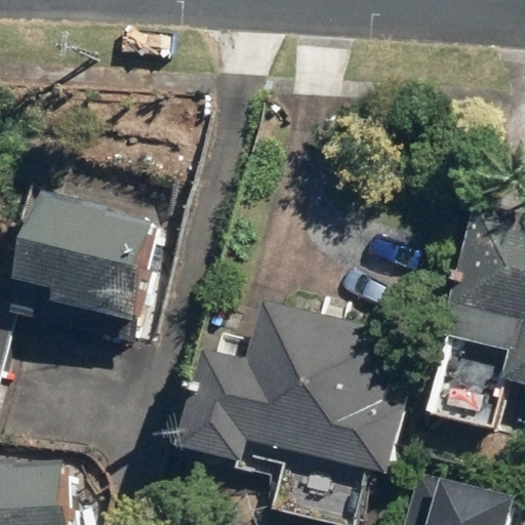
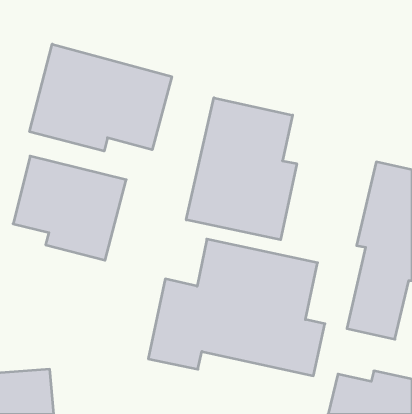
building: none -> [30,44,172,151]
building: none -> [186,98,297,240]

